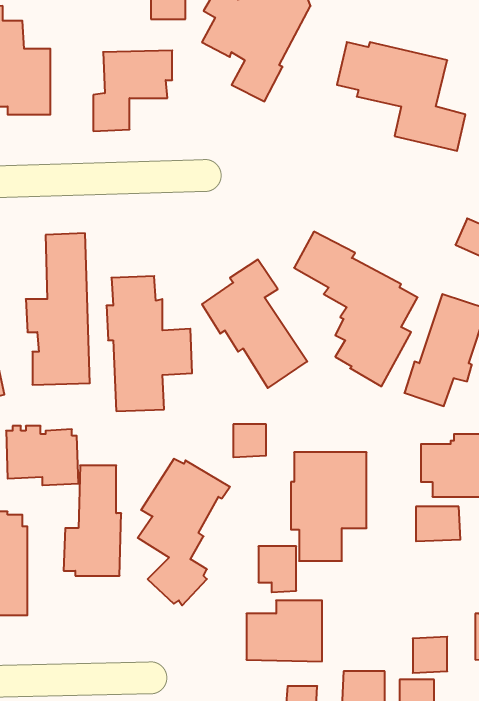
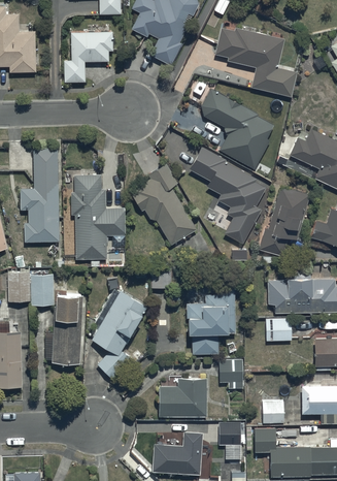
building: none -> [201,89,274,170]
building: [258,546,296,592] -> [220,359,243,388]

